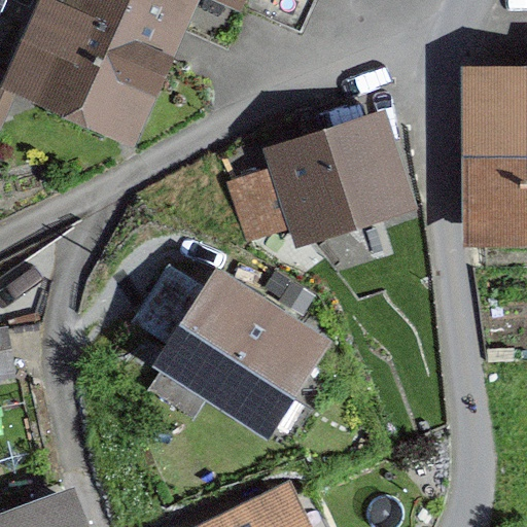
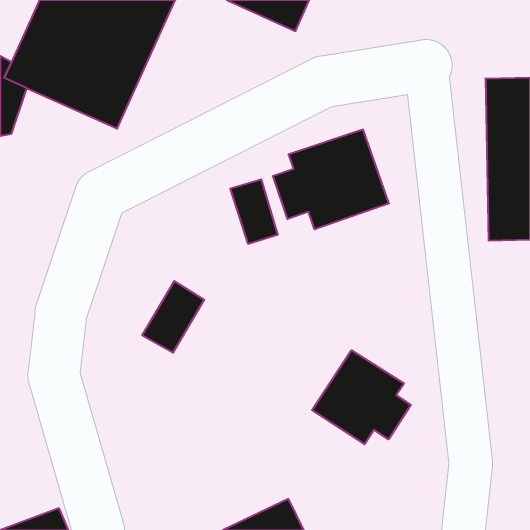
building: [167,282,318,426] -> none
building: none -> [312,350,411,444]

